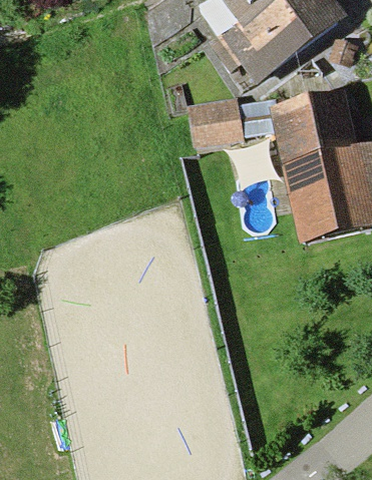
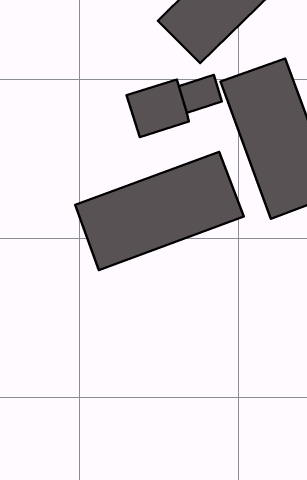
building: none -> [75,152,244,270]

